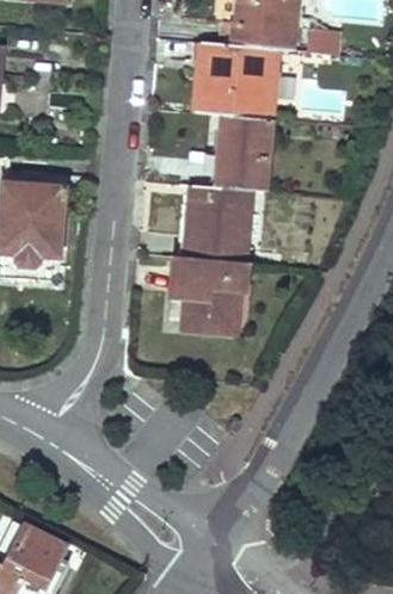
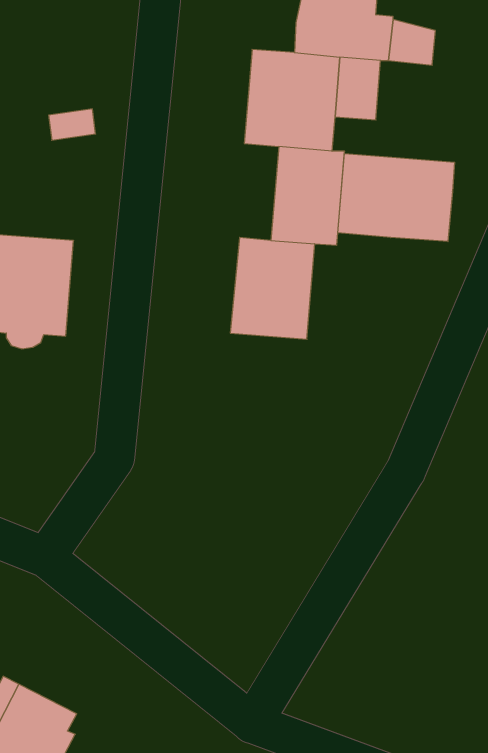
building: none -> [338,153,455,242]
building: [171,255,247,333] -> none

